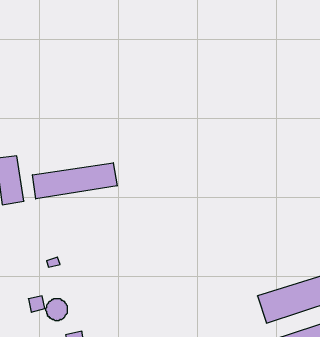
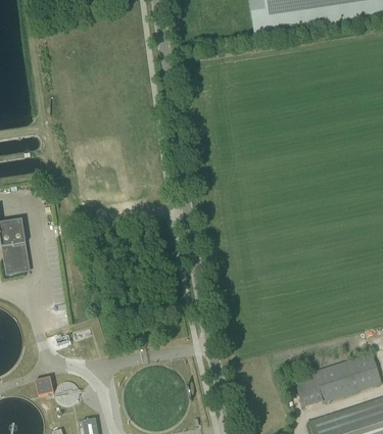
building: [33,163,117,199] -> none

